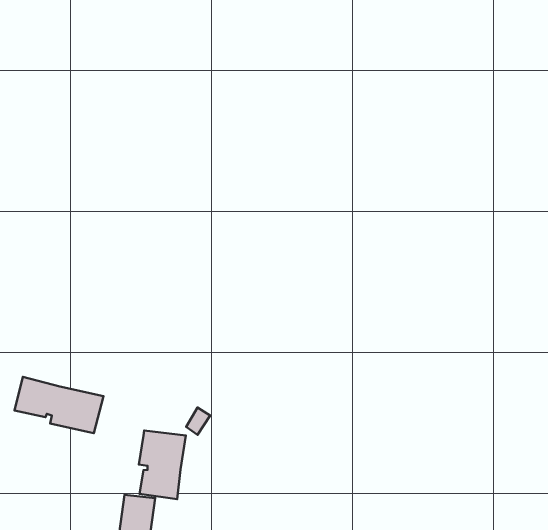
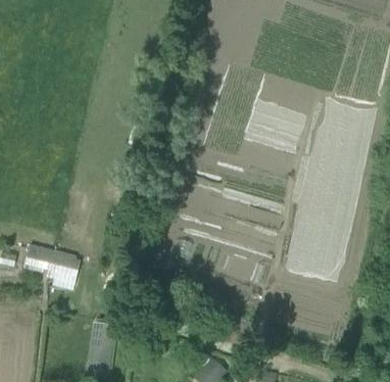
building: [139,430,186,499] -> none

